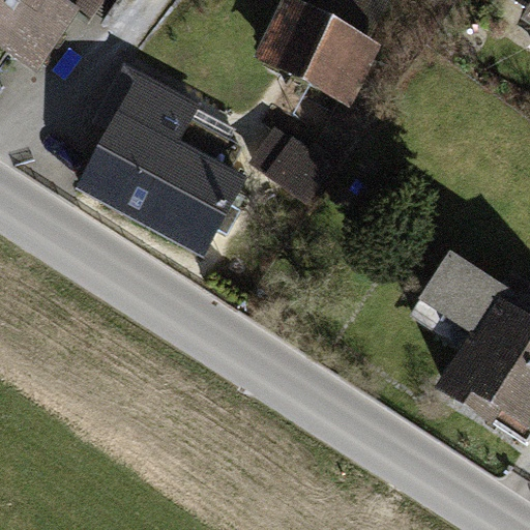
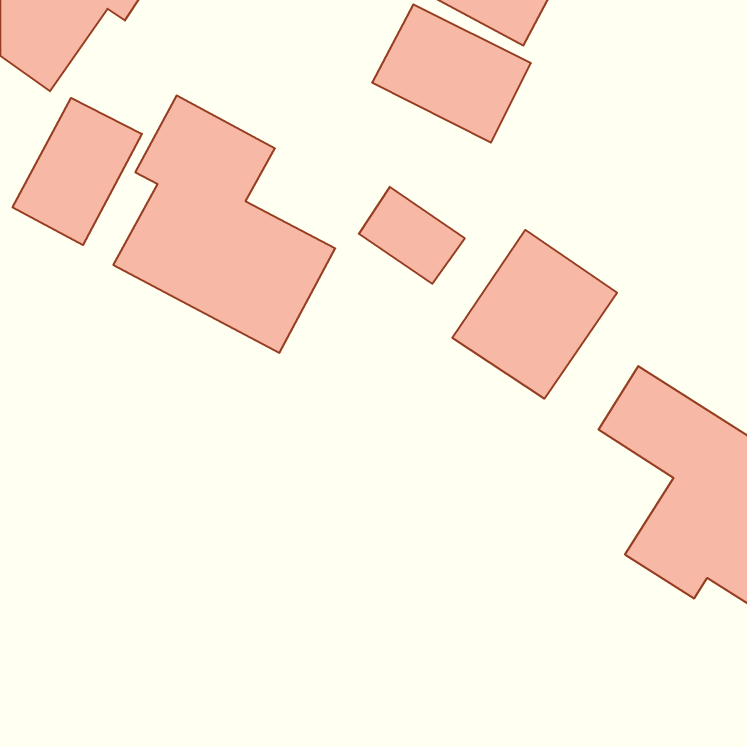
building: none -> [13,98,142,245]
building: none -> [452,230,617,399]

